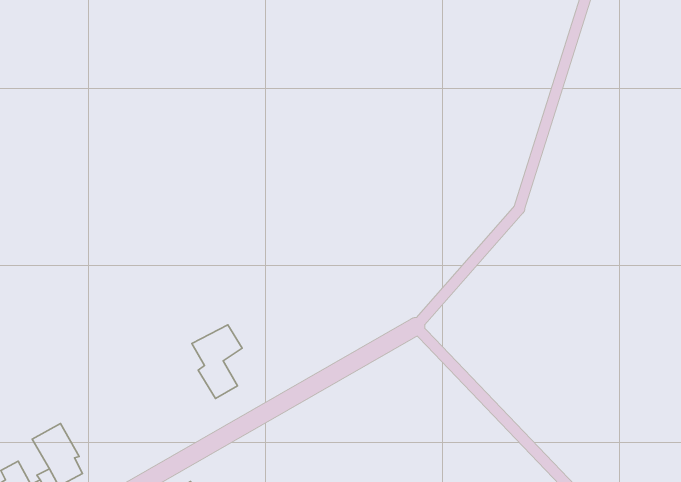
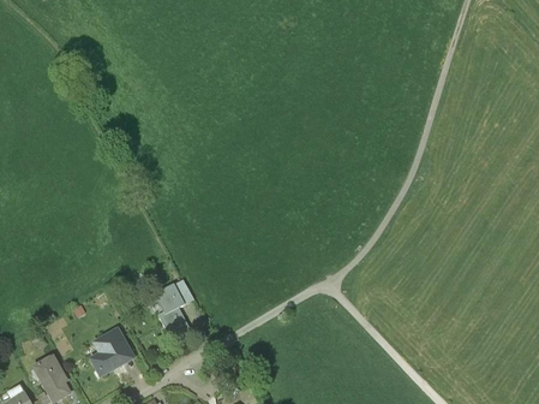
building: none -> [90,328,133,375]

